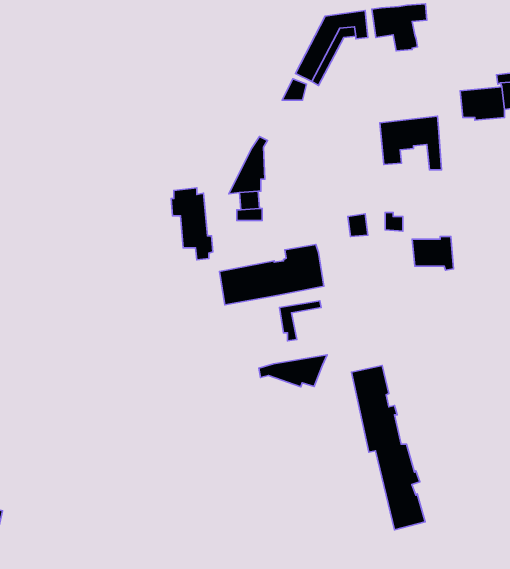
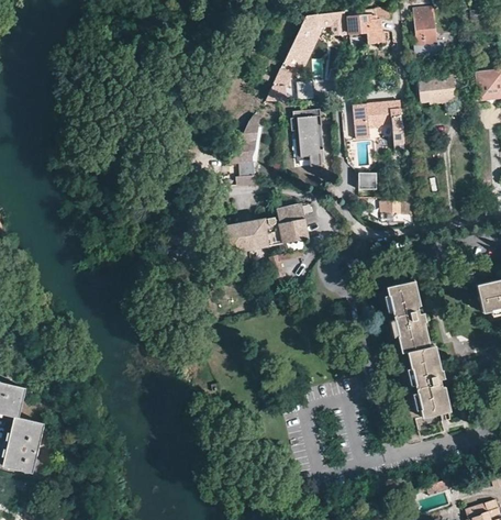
building: none -> [413,10,443,58]
building: [171,188,213,260] -> [291,109,325,168]
building: [259,355,327,387] -> none
building: [352,365,425,530] -> [388,280,448,416]

